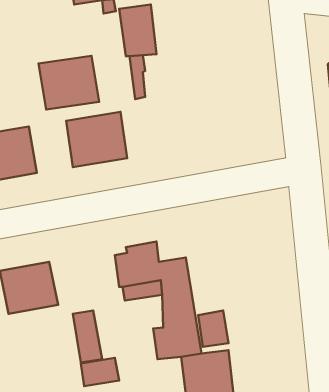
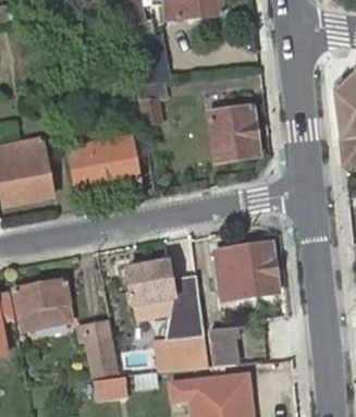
building: [38,56,99,109] -> none
building: none -> [209,106,259,158]
building: none -> [213,242,280,298]

